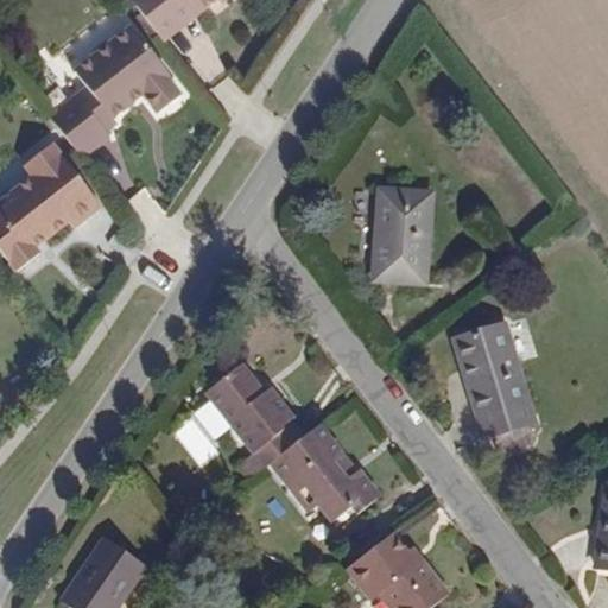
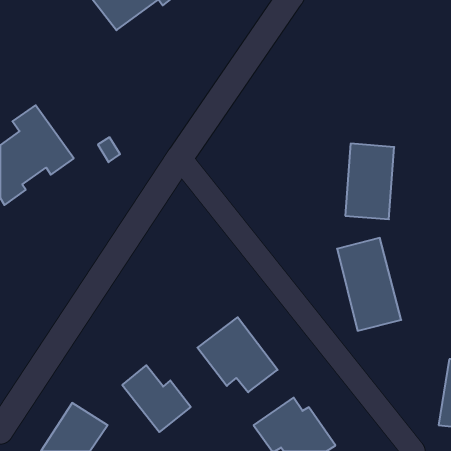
building: [49,24,183,160] -> none
building: [370,184,436,285] -> [345,144,394,219]
building: [204,363,296,452] -> [122,365,191,432]

